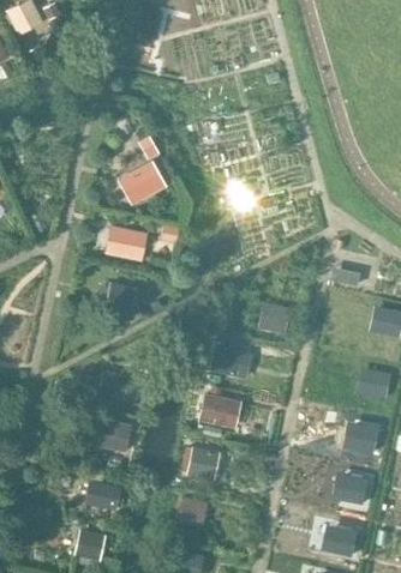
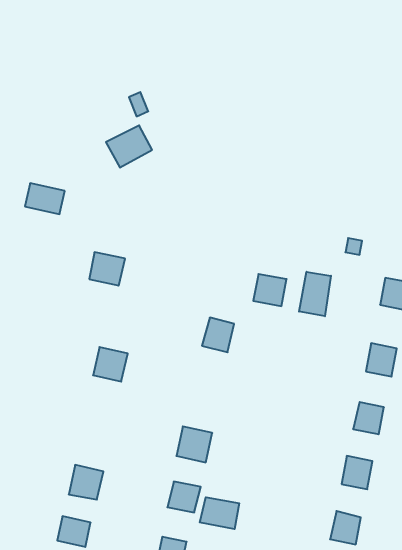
building: [108,230,145,259] -> [25,183,65,214]
building: none -> [299,272,331,316]
building: [197,393,231,426] -> none
building: [96,418,130,452] -> none
building: none -> [200,497,239,529]

